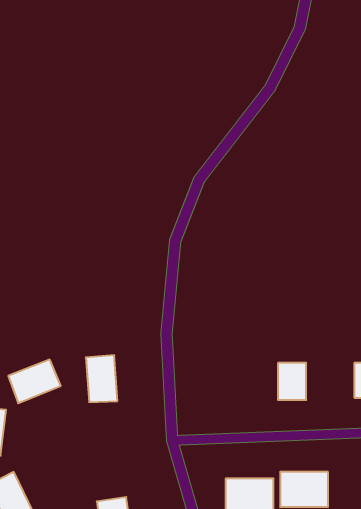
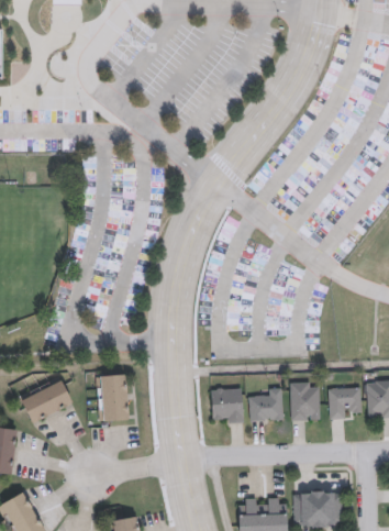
building: none -> [212,388,243,423]
building: none -> [249,388,282,421]
building: none -> [330,388,362,417]

